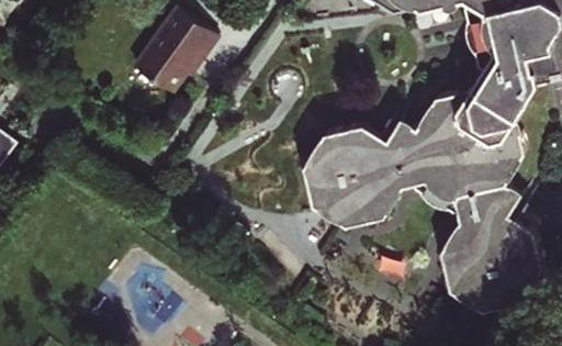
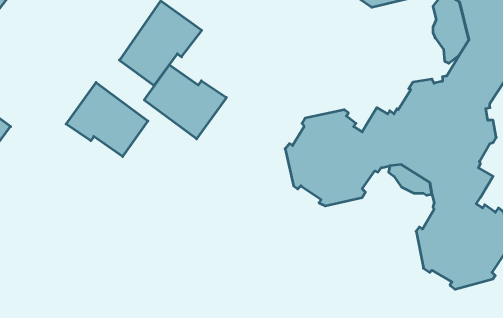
building: none -> [144,65,226,139]
building: none -> [66,82,148,157]

